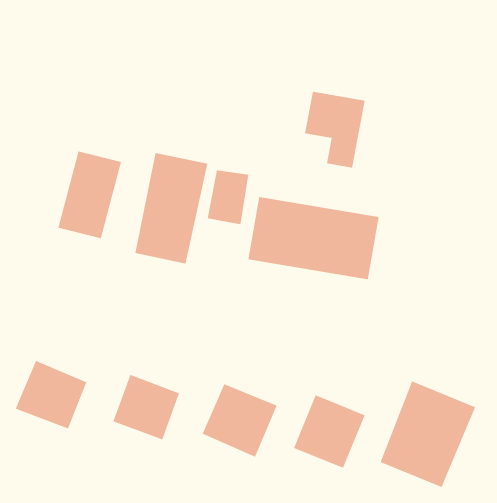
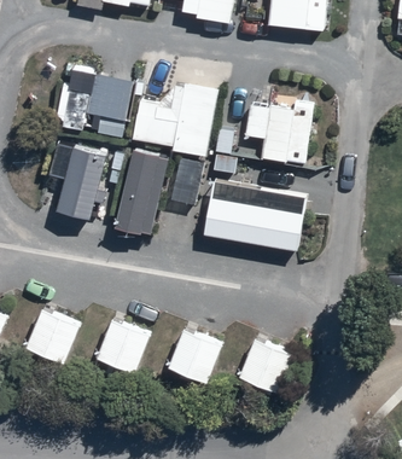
building: none -> [53,62,136,138]
building: none -> [134,81,217,159]
building: [380,381,476,488] -> none

